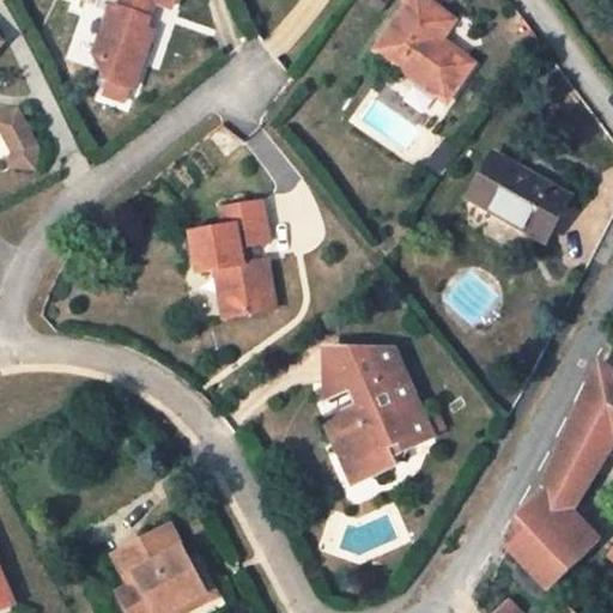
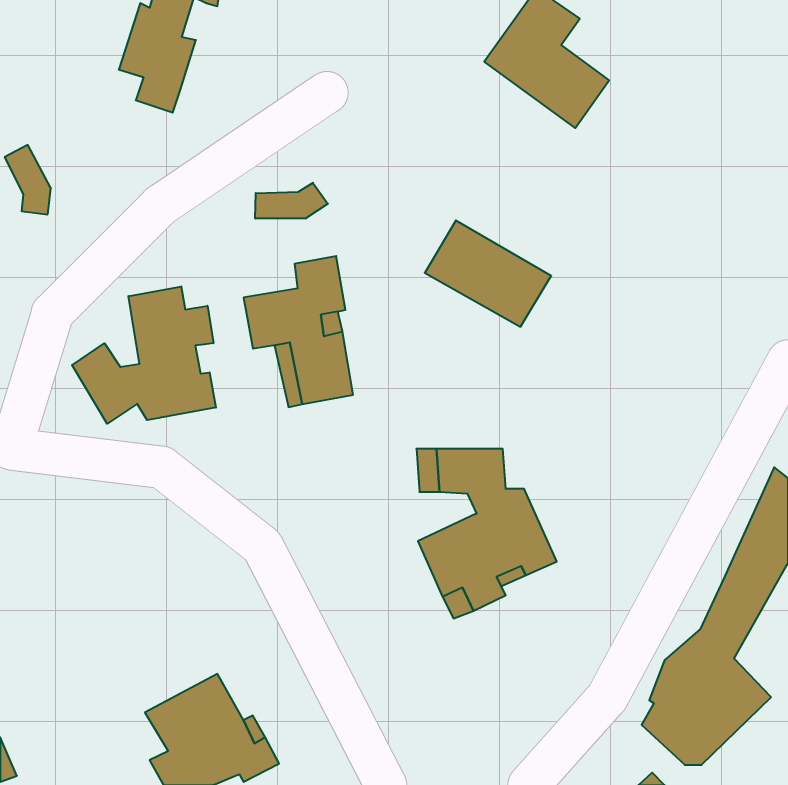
building: none -> [255,183,328,219]
building: [469,154,568,237] -> [425,220,551,327]
building: none -> [72,286,216,424]

